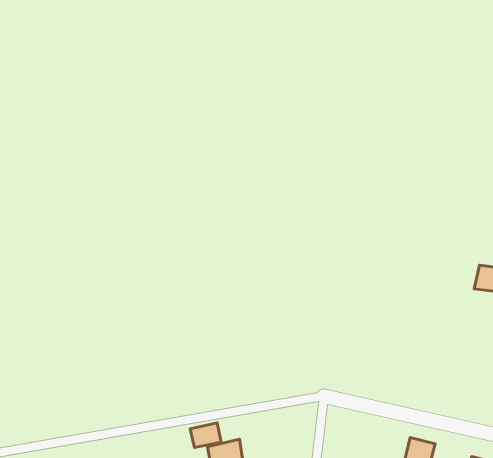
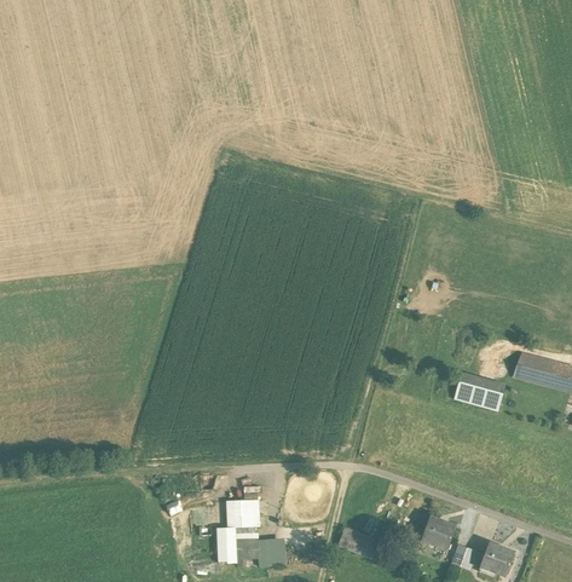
building: none -> [452,382,501,411]
building: [190,423,221,447] -> none

